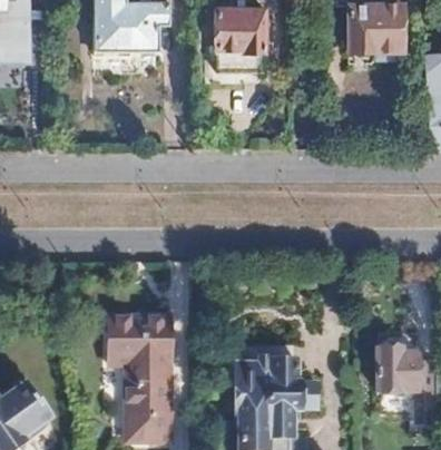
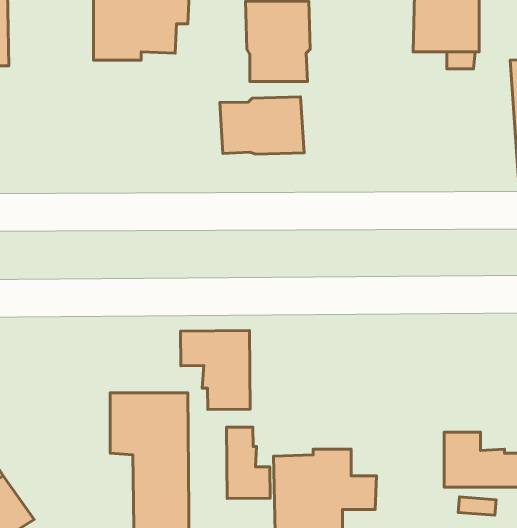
building: none -> [220,97,304,154]
building: none -> [181,331,250,410]
building: none -> [227,427,270,499]

